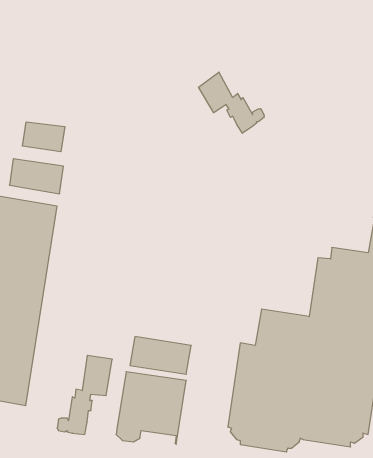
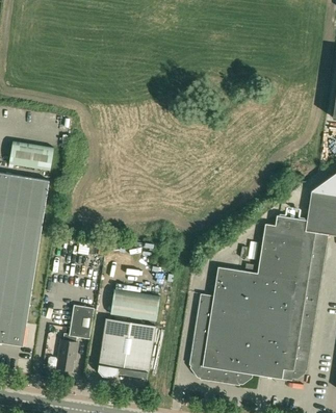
building: [199,72,264,133] -> none
building: [22,122,65,152] -> none

